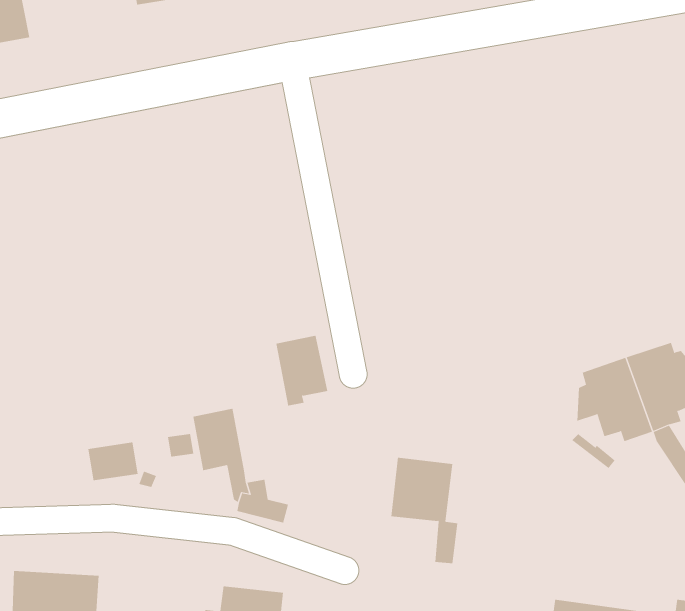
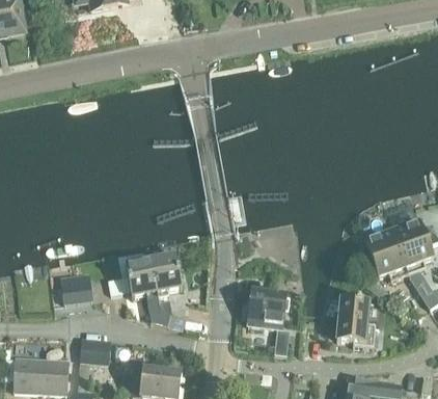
building: [276,335,328,406] -> [150,254,183,297]
building: none -> [336,297,375,347]
building: none -> [80,338,110,364]

